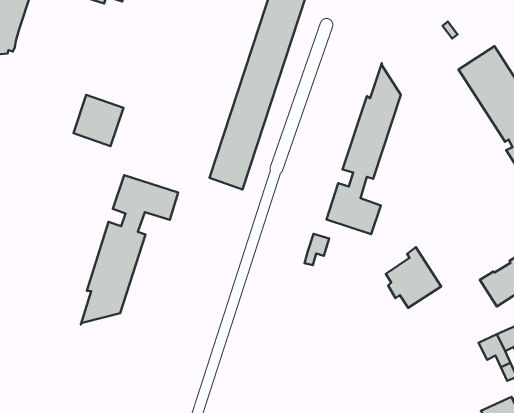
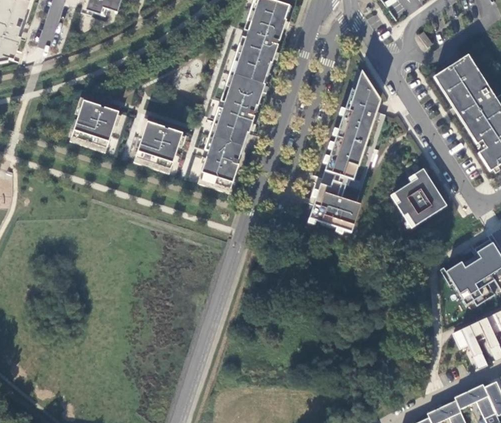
building: none -> [135,121,182,169]
building: [81,175,178,324] -> none
building: [305,234,329,265] -> none
building: [386,247,441,308] -> [394,168,446,225]

